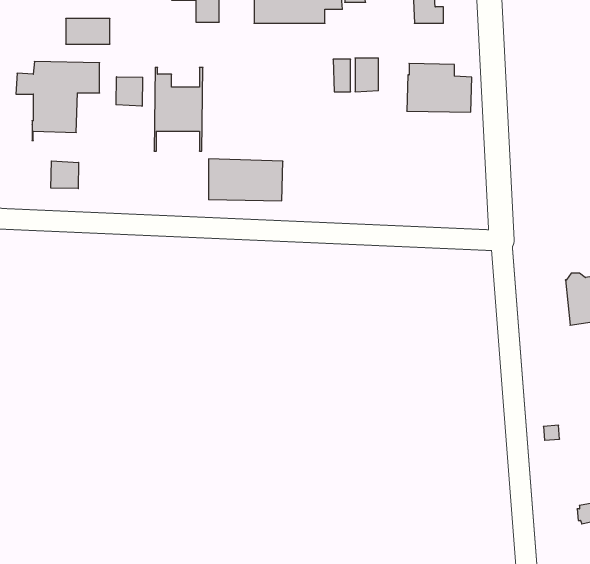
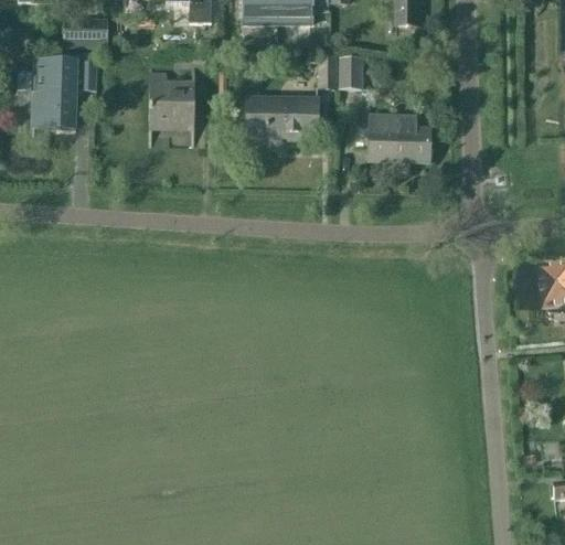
building: [407,63,472,112] -> [367,114,429,160]
building: [116,77,143,106] -> none
building: [209,159,283,201] -> [246,96,317,136]
building: [51,161,79,189] -> none

